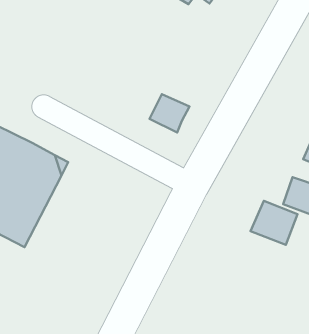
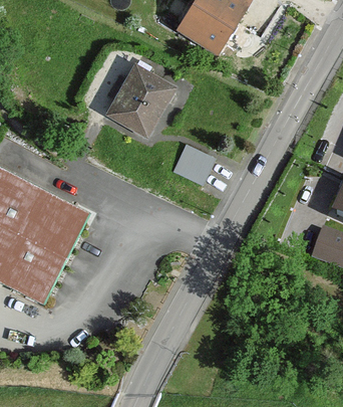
building: none -> [105,62,169,131]
building: [251,201,297,245] -> none

